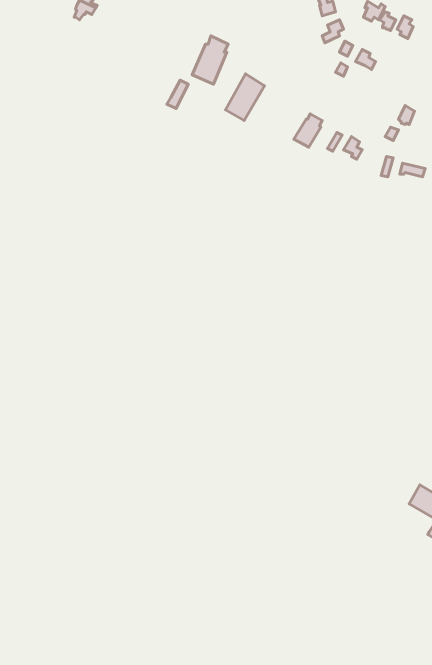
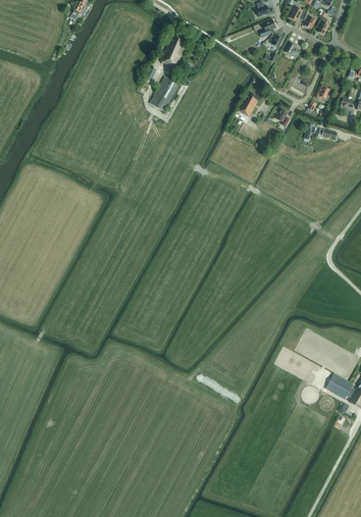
building: [226,74,264,121] -> [150,75,179,111]

